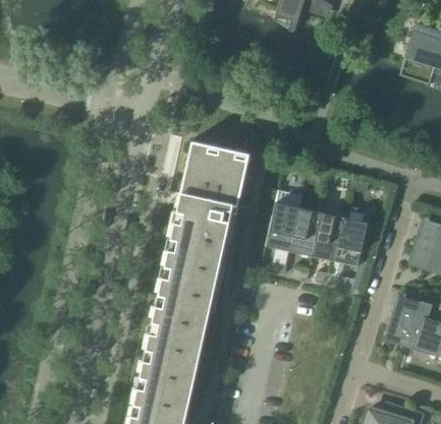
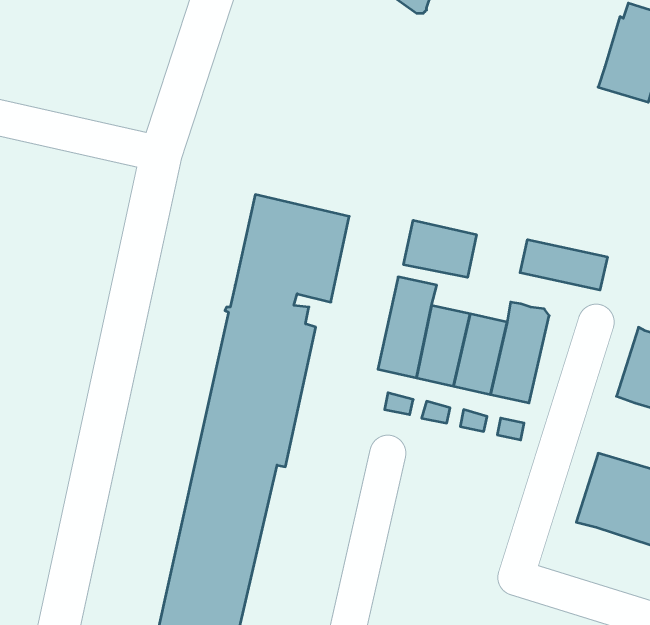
building: none -> [404,220,476,277]
building: none -> [520,240,607,290]

